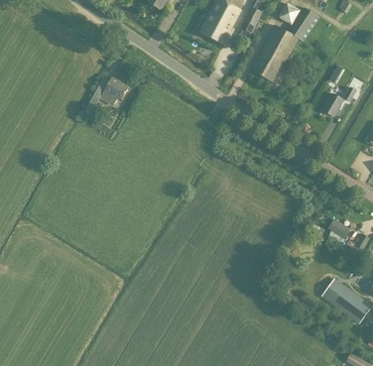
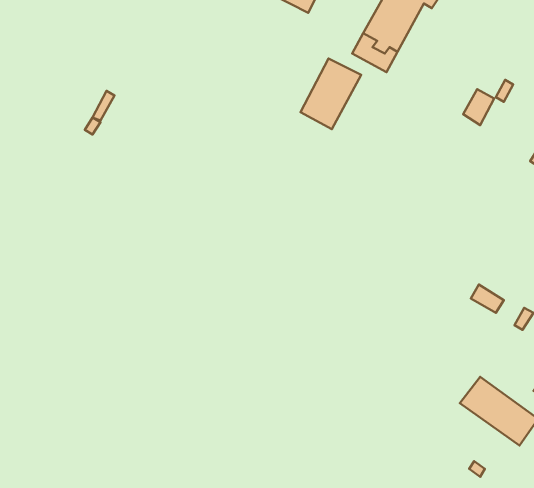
building: none -> [301,58,361,129]
building: [100,77,129,104] -> none

